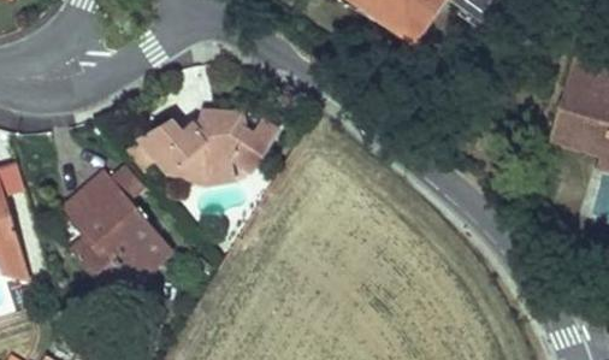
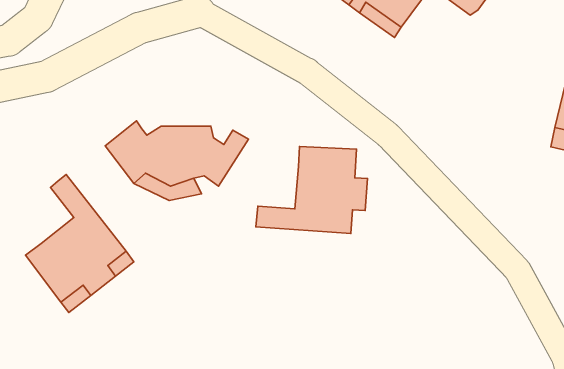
building: none -> [256,146,368,234]
building: [59,179,112,231] -> none

